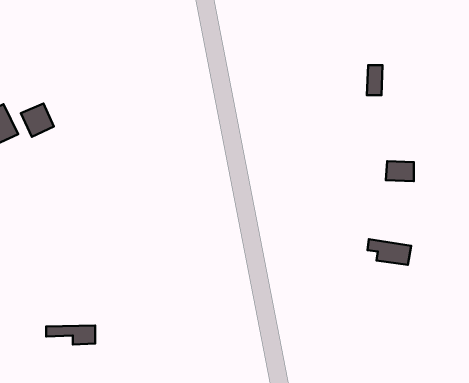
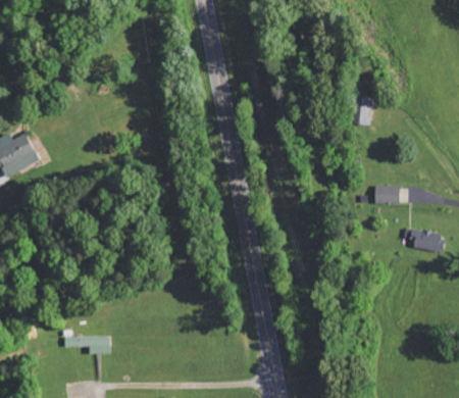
building: [21,104,54,137] -> none
building: [368,239,411,265] -> [405,227,445,250]

